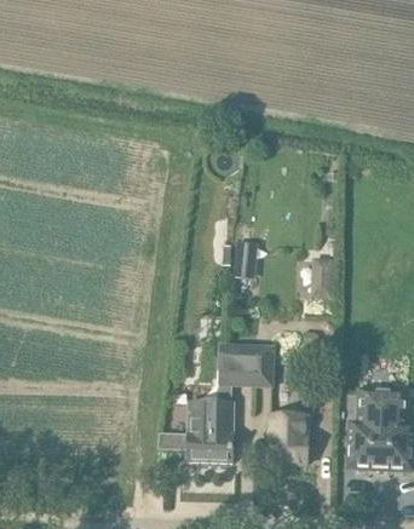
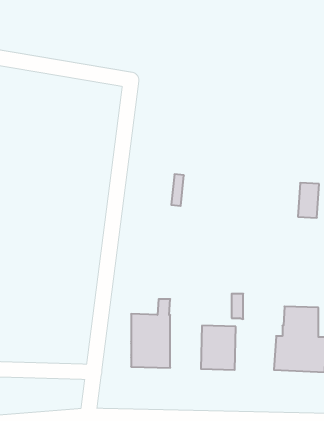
building: [312,255,337,295] -> [298,183,319,218]
building: [220,344,275,385] -> none

